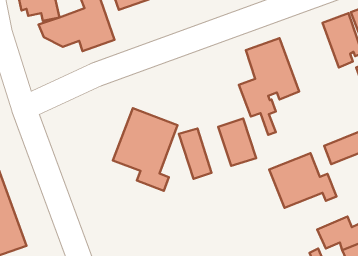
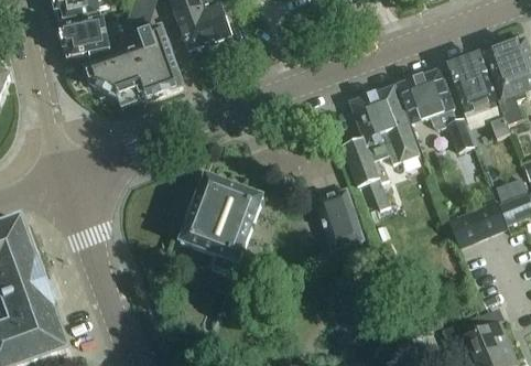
building: none -> [395,67,472,150]
building: [179,128,212,179] -> none
building: [269,153,337,208] -> none

